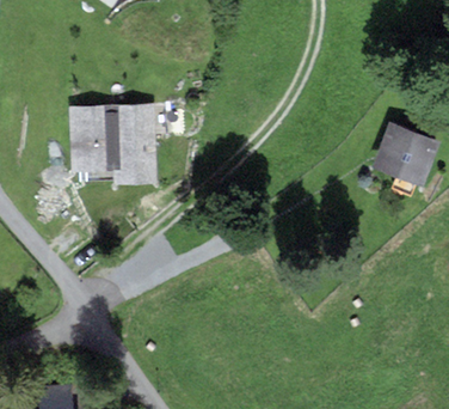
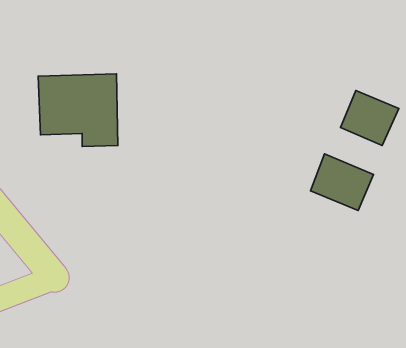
building: none -> [310,154,373,211]

